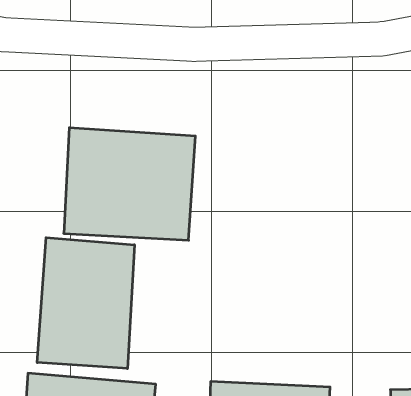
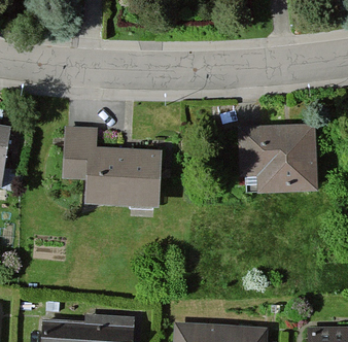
building: none -> [239,126,318,198]
building: [37,238,134,369] -> none

